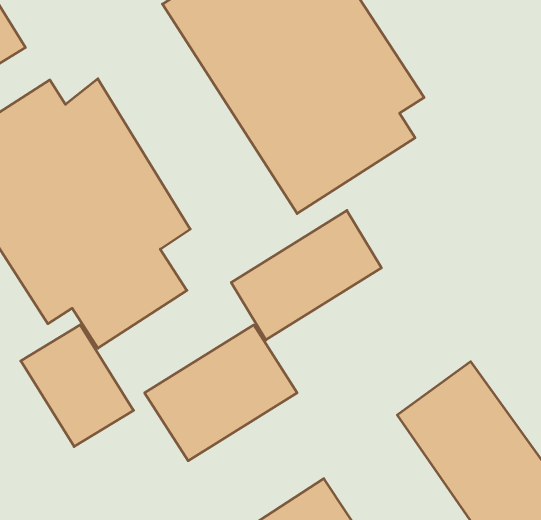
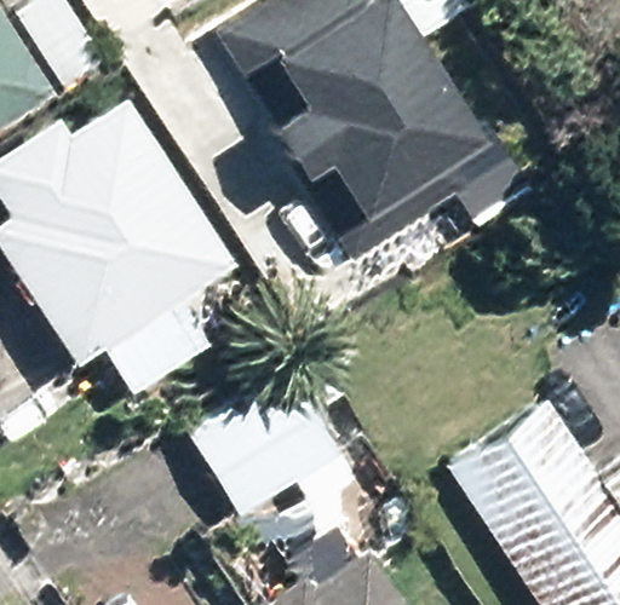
building: [231,210,381,340] -> none
building: [21,325,134,447] -> none

